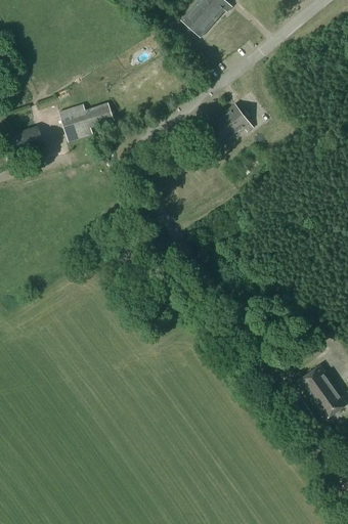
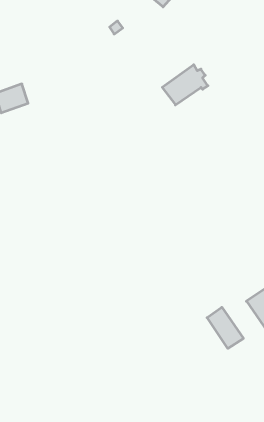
building: [60,102,115,141] -> none
building: none -> [207,307,243,348]

